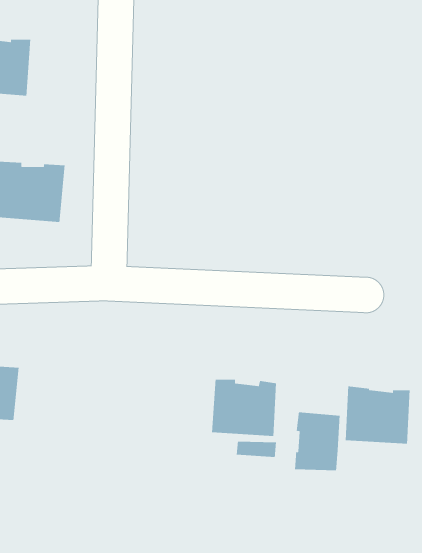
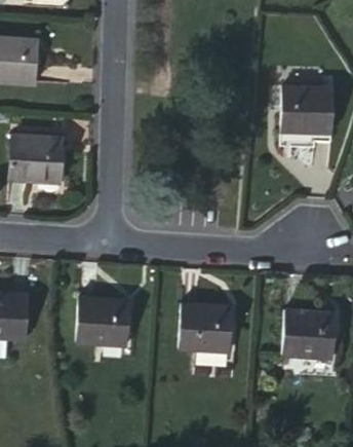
building: none -> [283,87,329,132]
building: none -> [77,298,129,344]
building: [294,412,341,471] -> none

